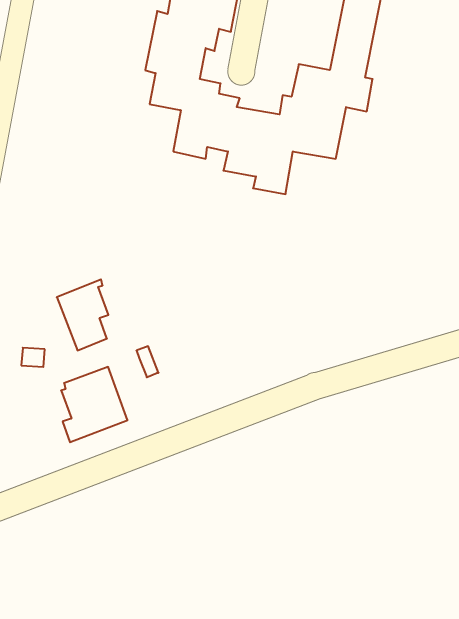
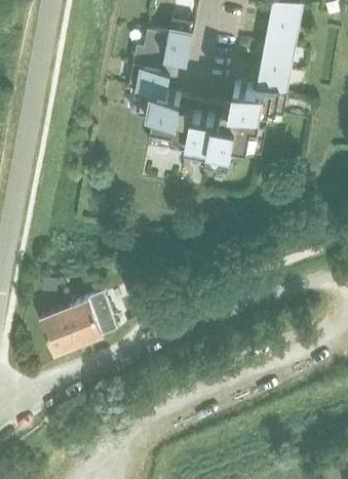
building: [57,279,108,350] -> [42,304,78,353]

